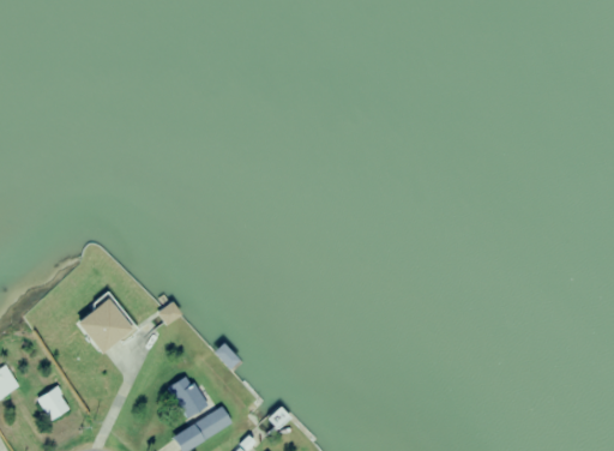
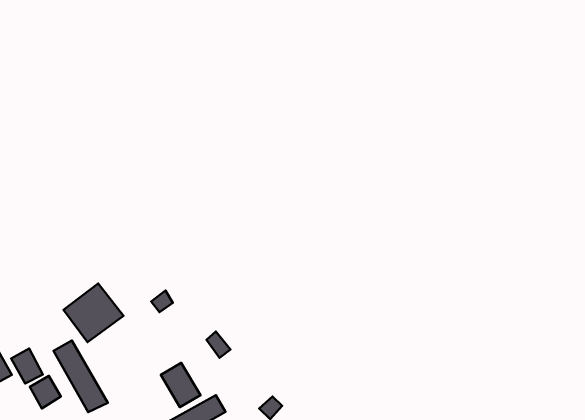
building: none -> [54,340,108,412]
building: none -> [11,348,43,384]

